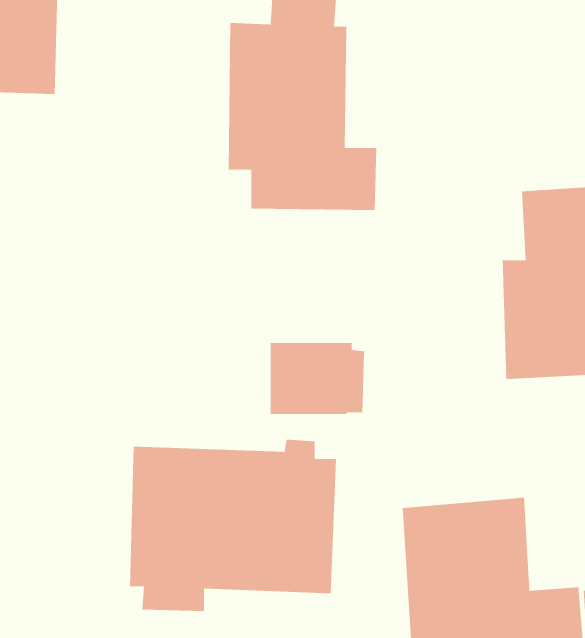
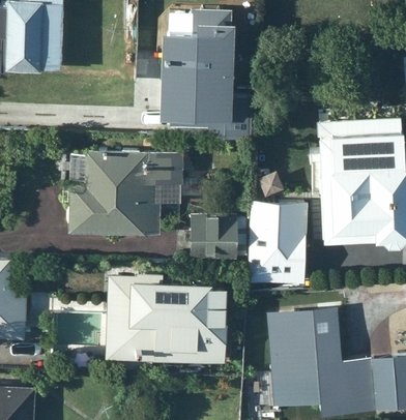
building: none -> [67,150,181,236]
building: none -> [244,219,304,286]

